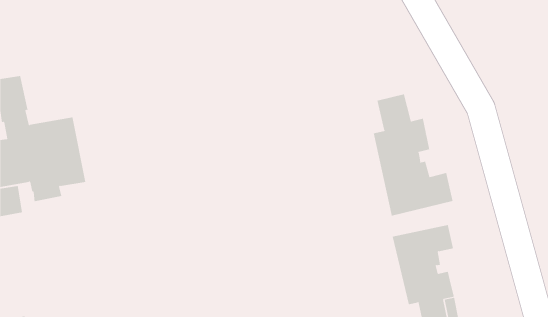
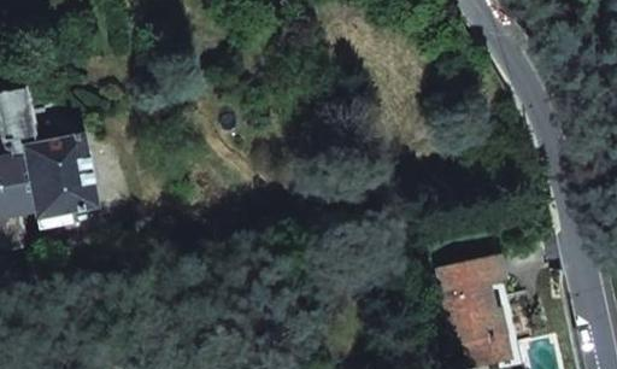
building: [373,94,453,216] -> none

